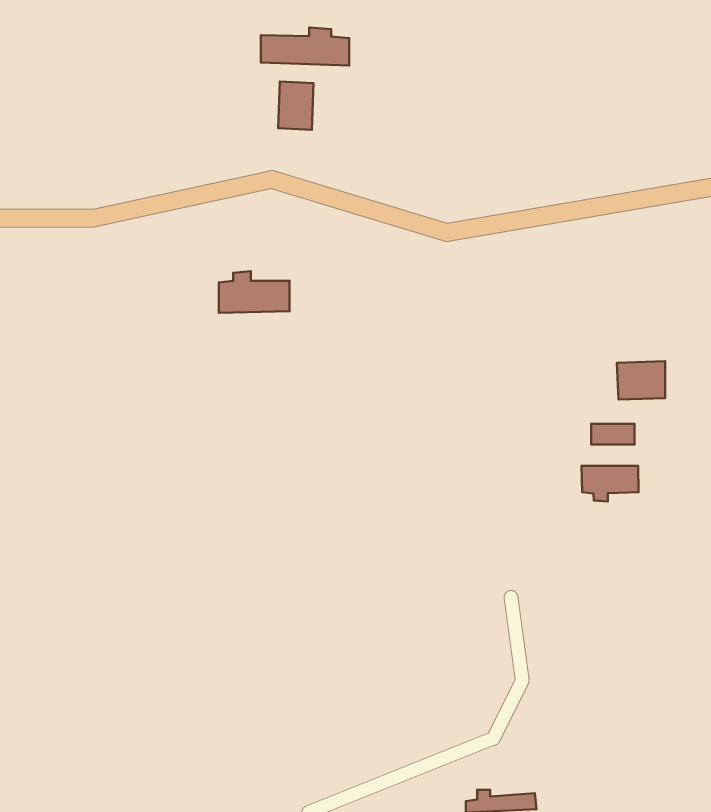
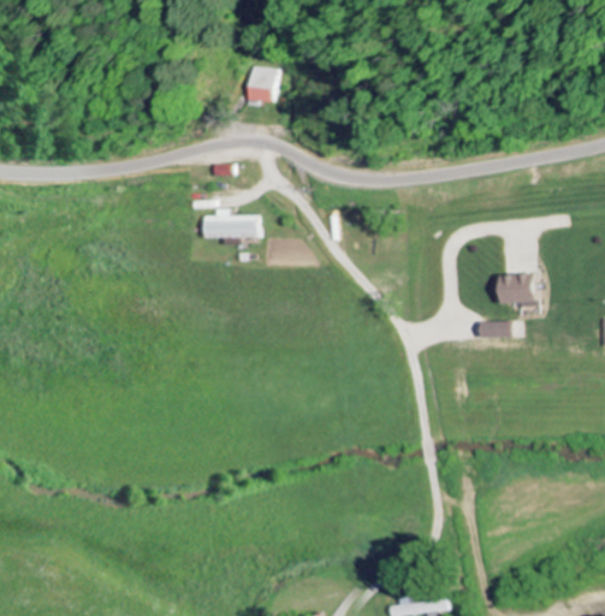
building: [261,27,349,66] -> none
building: [581,466,639,501] -> none

